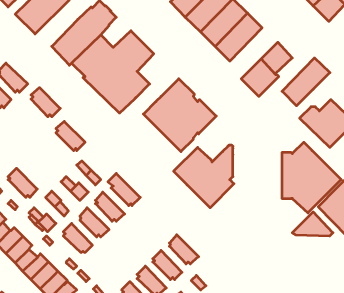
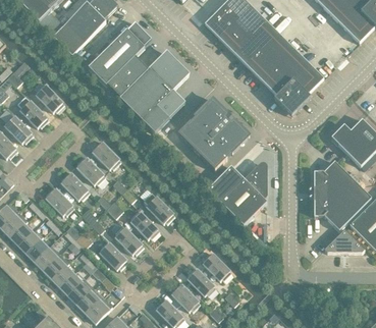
building: [282,58,330,106] -> [262,48,309,95]
building: [31,88,60,117] -> [76,155,105,183]
building: none -> [61,170,90,199]

